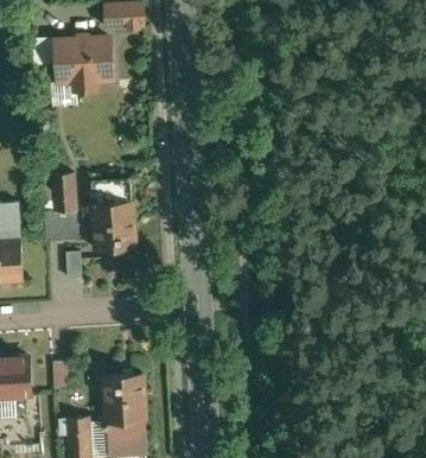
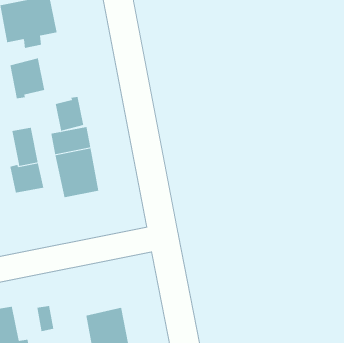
building: none -> [10,57,45,99]
building: none -> [55,96,84,132]

